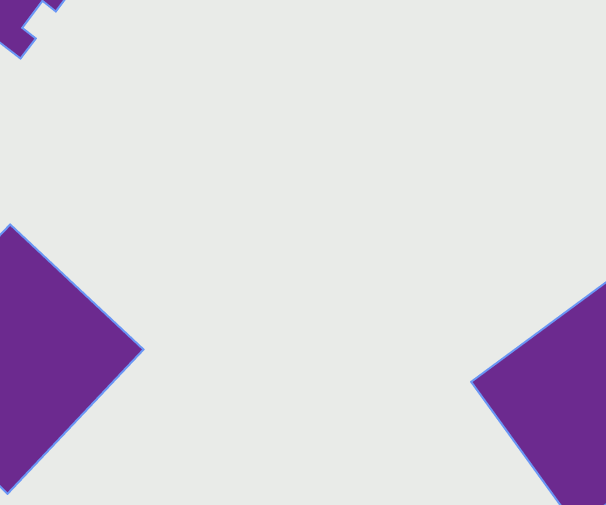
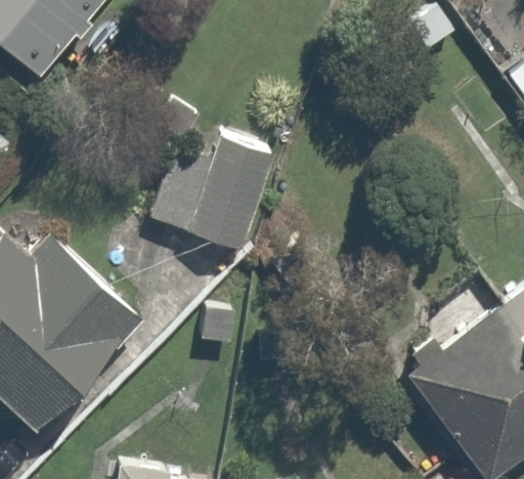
building: none -> [147,135,286,255]

